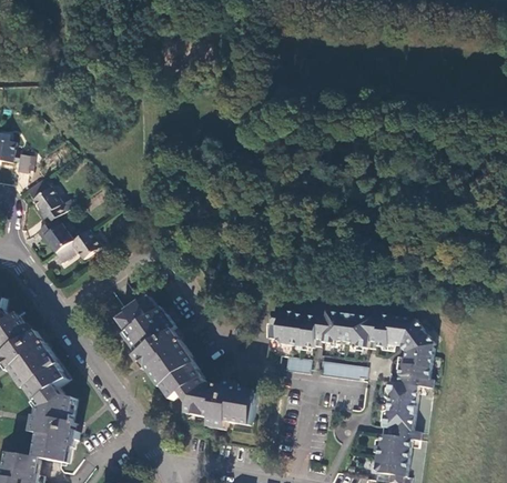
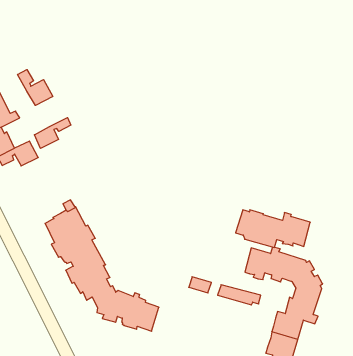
building: none -> [18,70,53,105]
building: none -> [34,118,71,148]
building: [267,309,348,349] -> [236,210,310,247]

